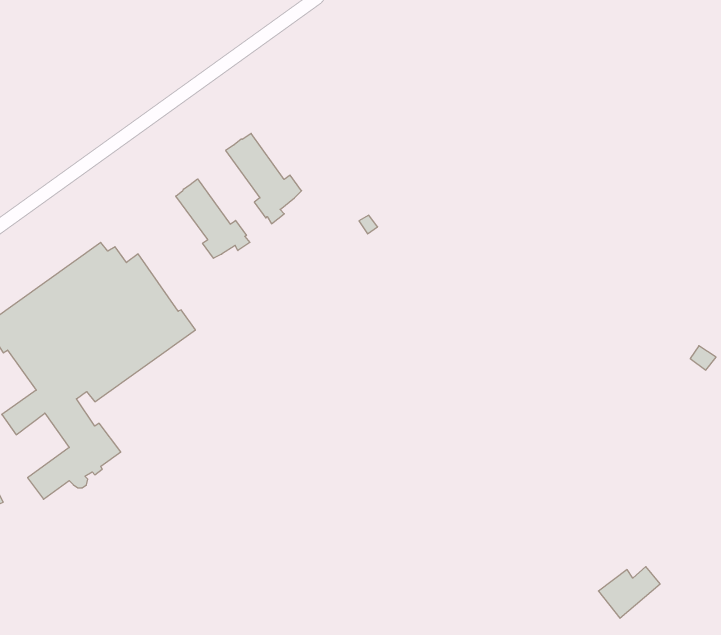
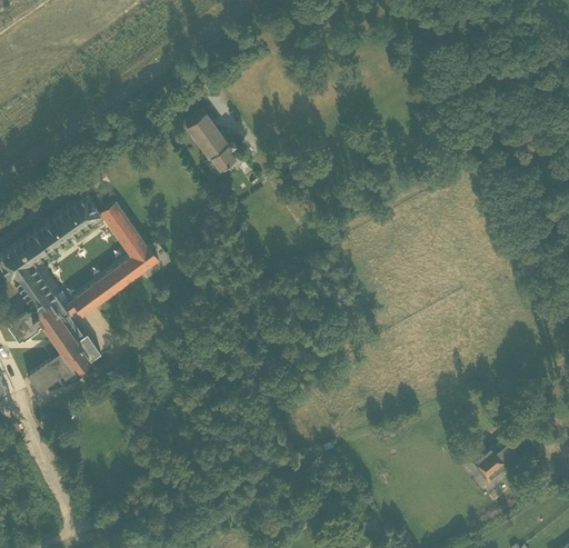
building: [176,179,250,258] -> none

